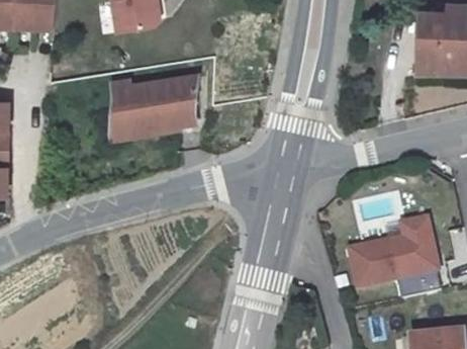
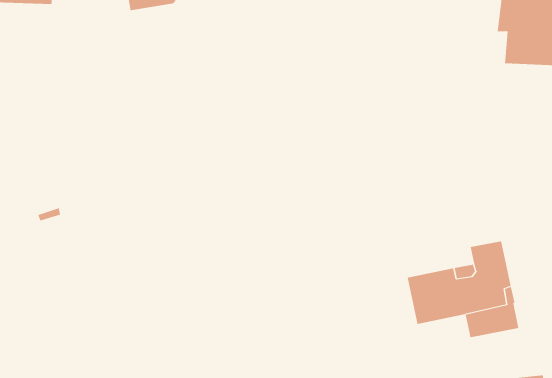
building: [108,73,198,130] -> none

